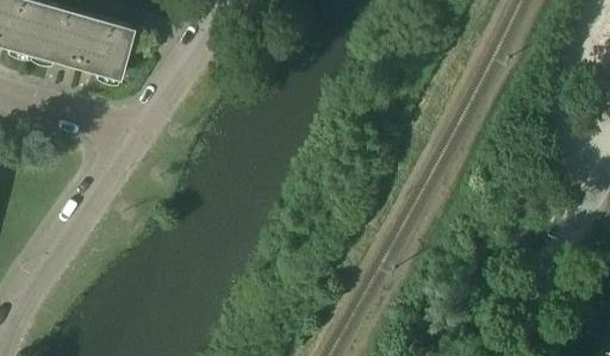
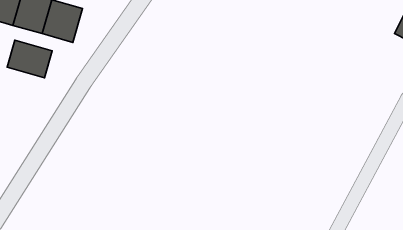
building: none -> [7,40,52,78]

